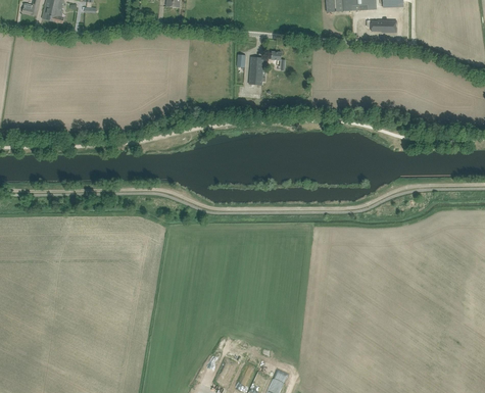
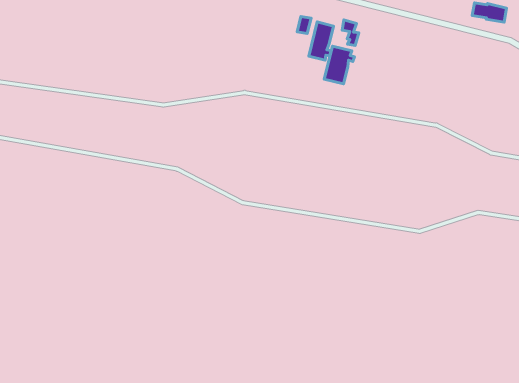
building: none -> [324,46,354,84]

